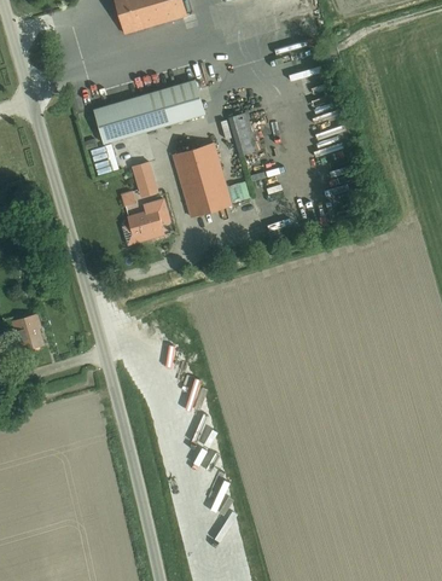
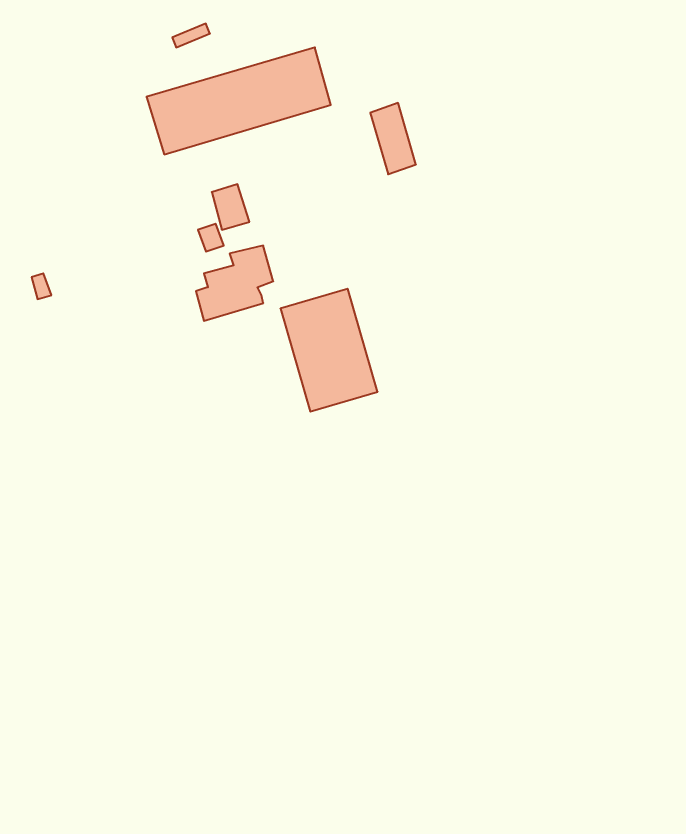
building: [171,143,231,217] -> [280,289,378,412]
building: [11,314,42,350] -> none

